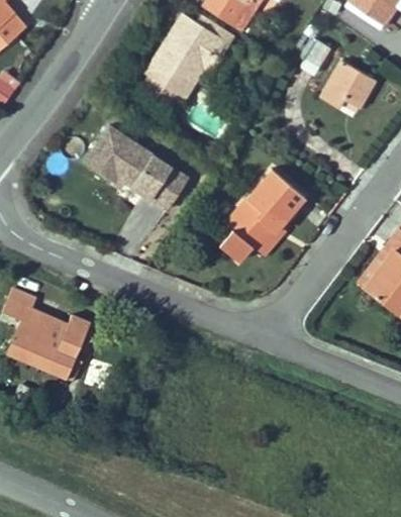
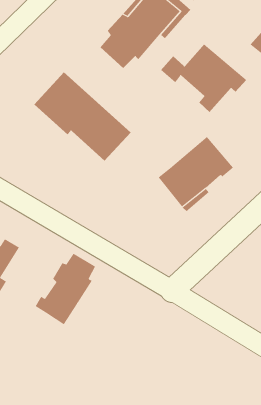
building: none -> [160,43,247,113]
building: none -> [35,253,96,325]

